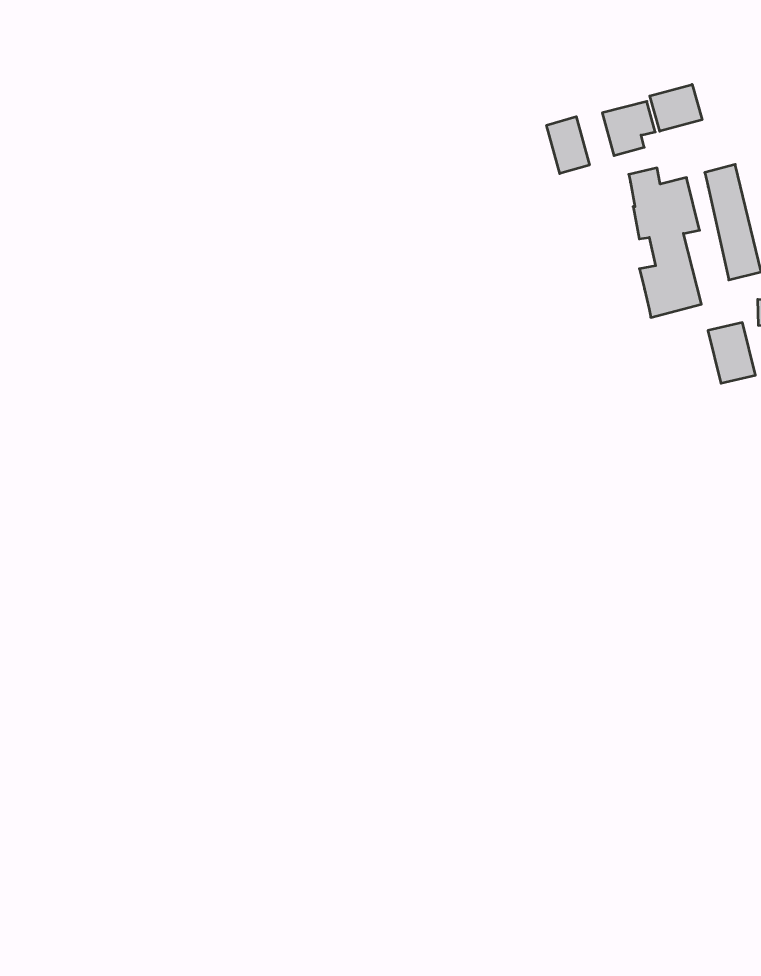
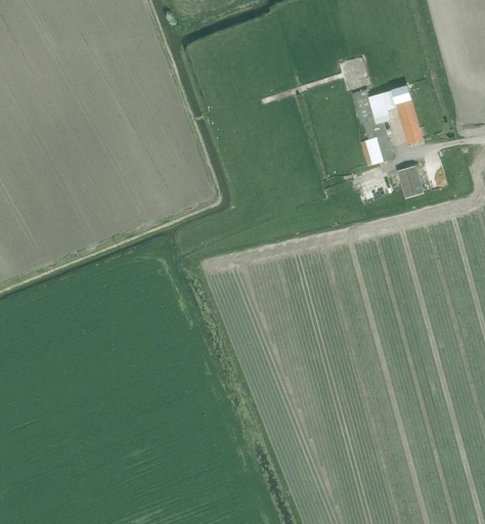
building: [650,84,702,131] -> none
building: [547,117,589,174] -> none

